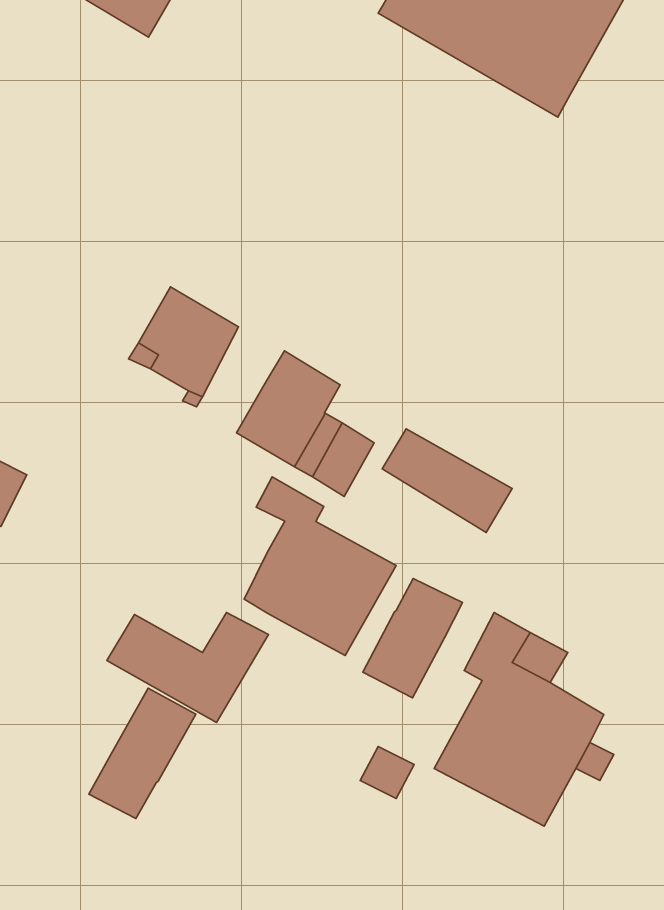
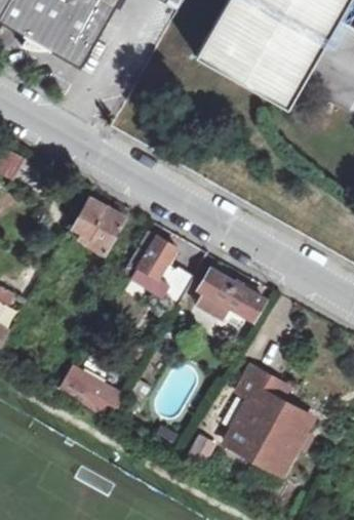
building: [244,477,396,655] -> none
building: [363,578,462,698] -> none
building: [89,688,196,819] -> none

